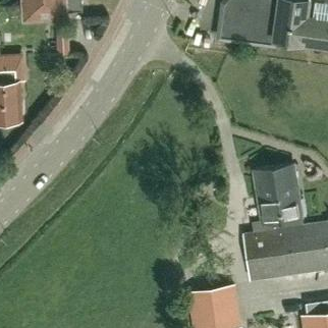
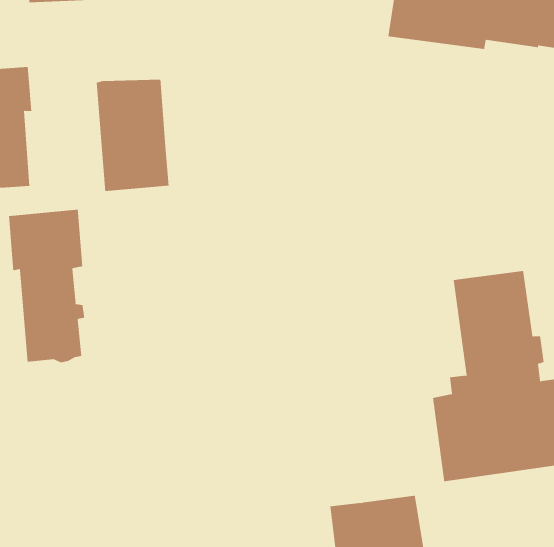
building: none -> [96,79,169,192]
building: none -> [8,209,85,363]

